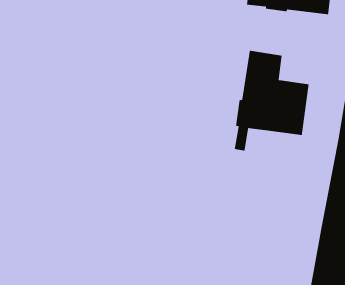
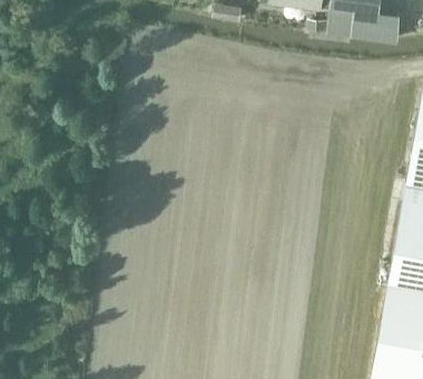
building: [234,50,310,151] -> none

